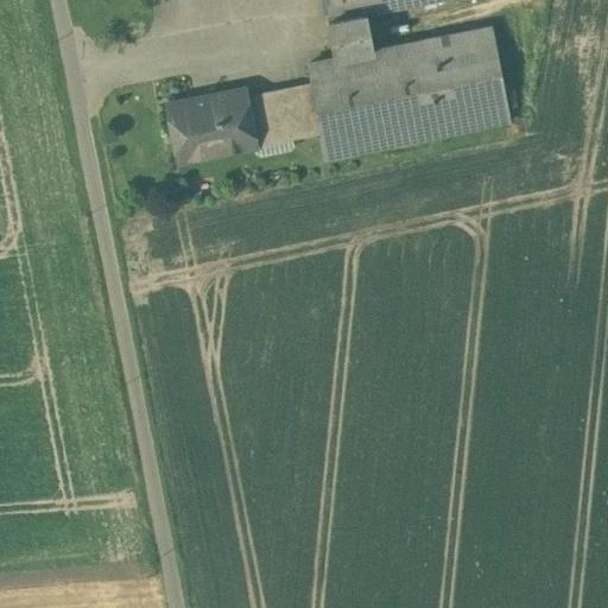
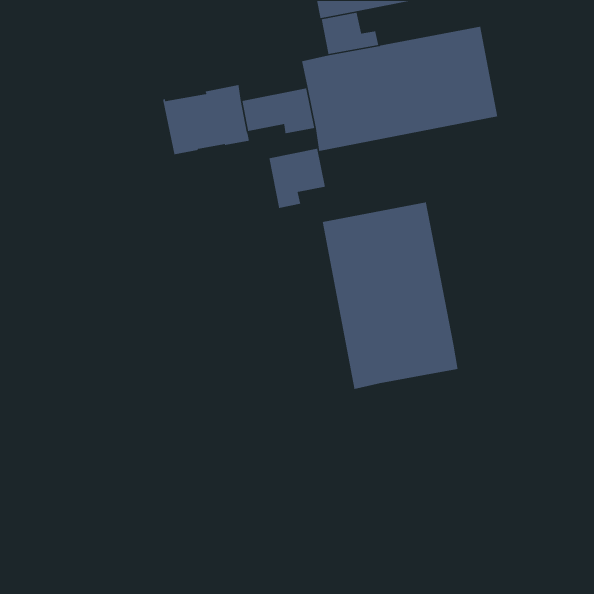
building: none -> [268,148,326,209]
building: none -> [322,201,458,390]

